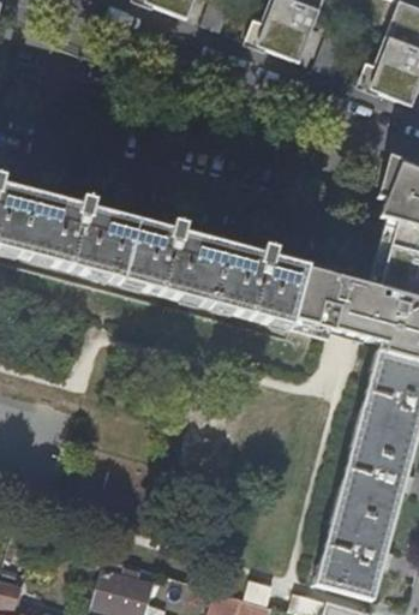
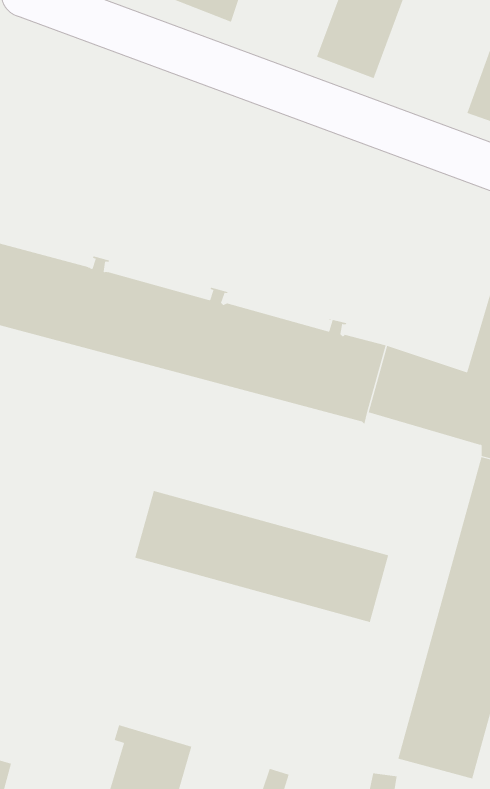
building: none -> [135,490,389,623]

